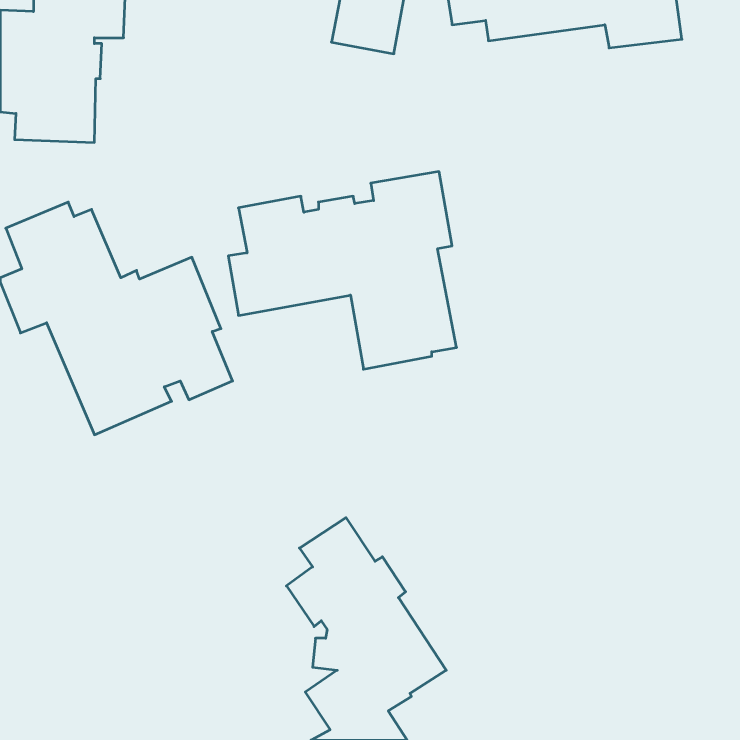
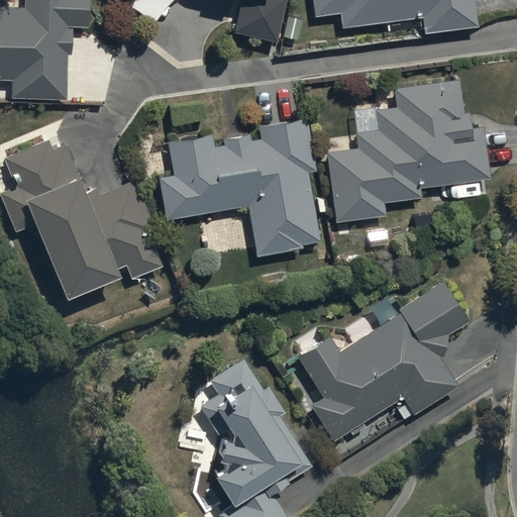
building: none -> [326,80,489,223]
building: none -> [297,283,467,440]

